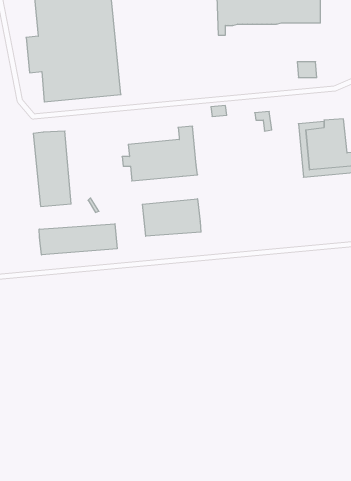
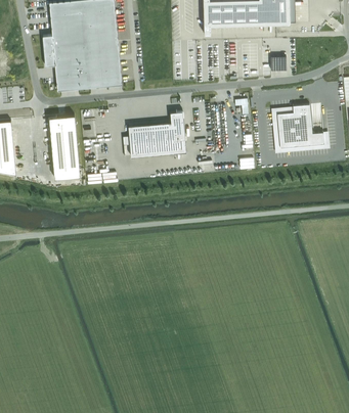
building: [142,199,201,236] -> none
building: [39,224,117,255] -> none

